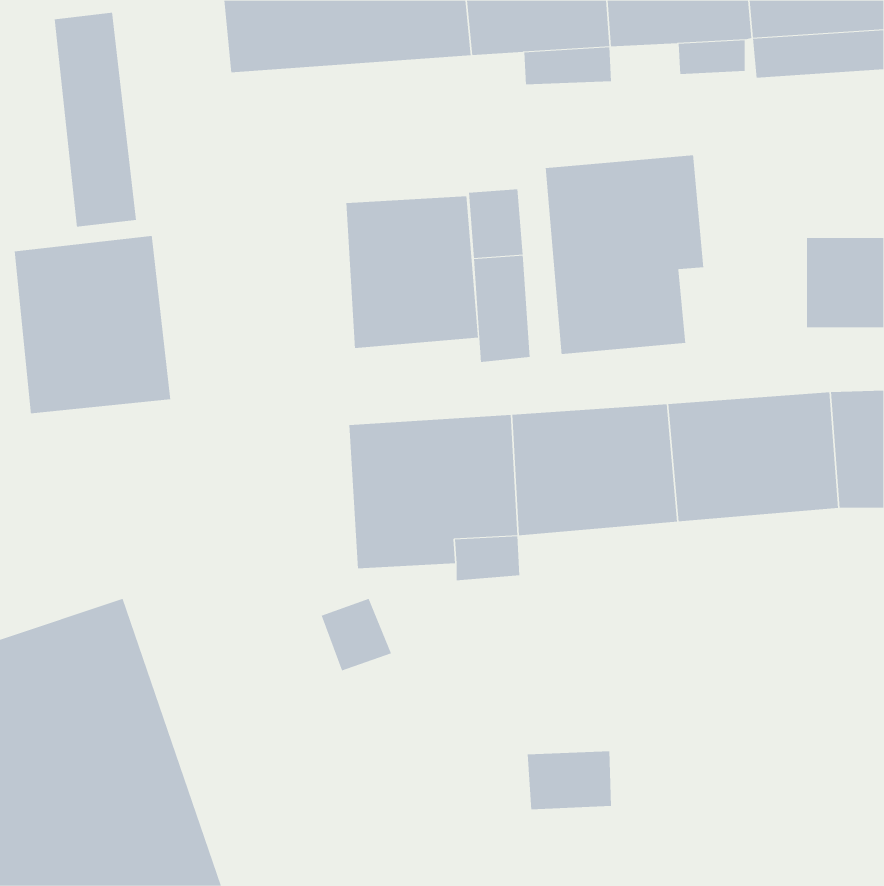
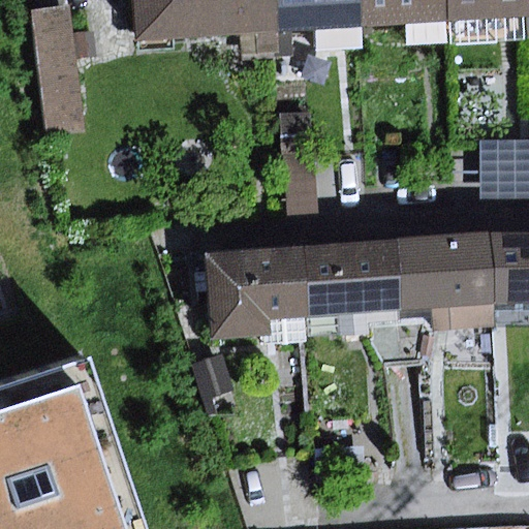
building: [545,155,704,355] -> none
building: [346,195,479,349] -> none
building: [14,235,171,414] -> none

